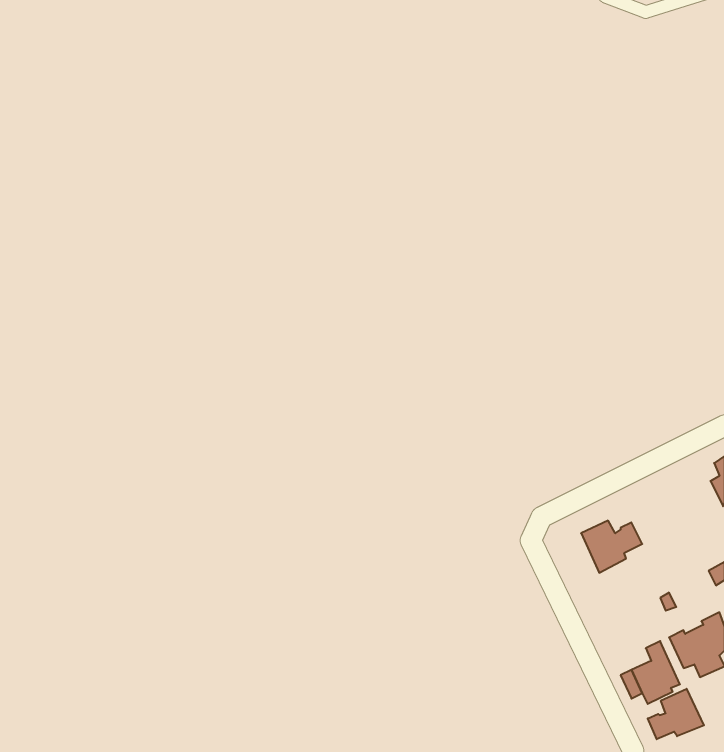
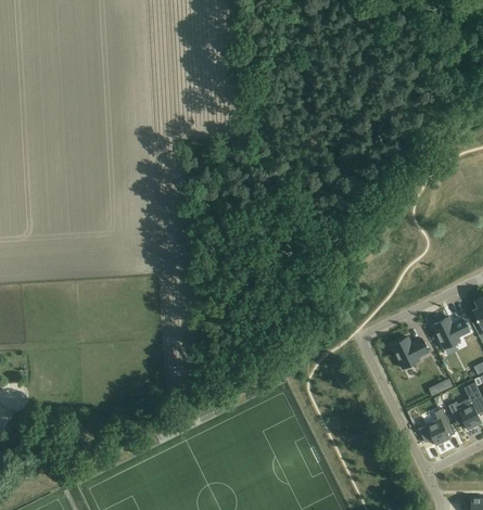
building: none -> [432,317,469,348]
building: [648,689,704,739] -> none

